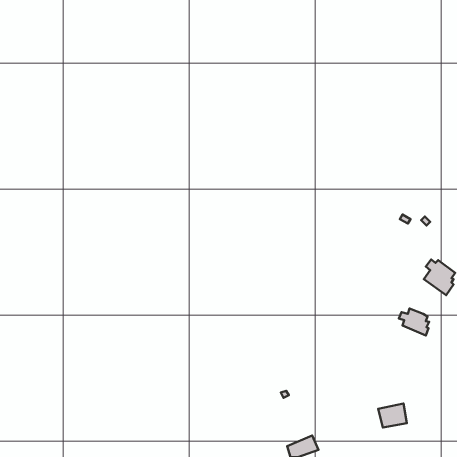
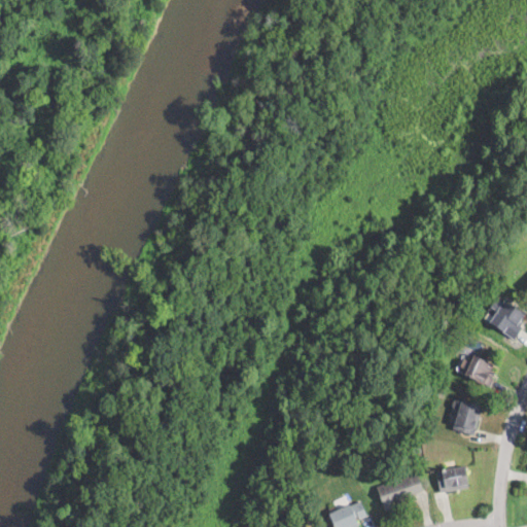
building: none -> [452,401,482,434]
building: none -> [377,475,422,512]

